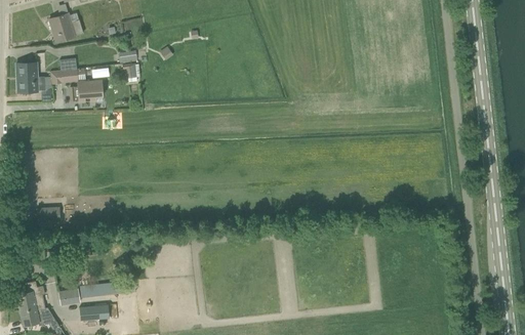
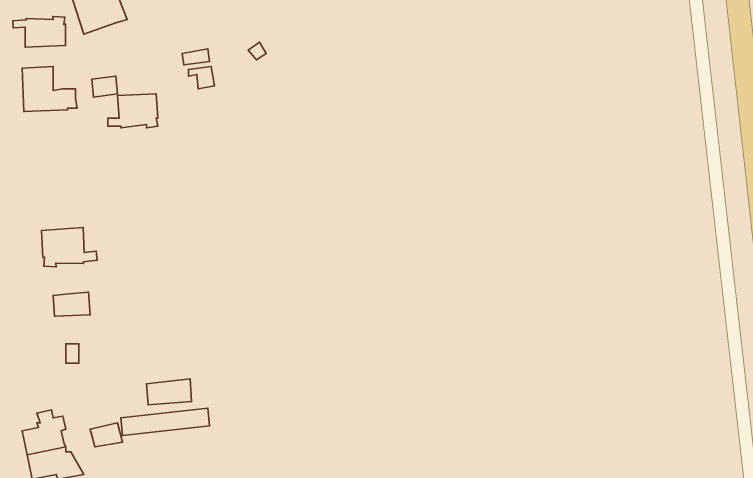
building: none -> [13,17,66,47]
building: none -> [42,227,97,267]
building: [79,303,108,320] -> [146,379,192,405]

